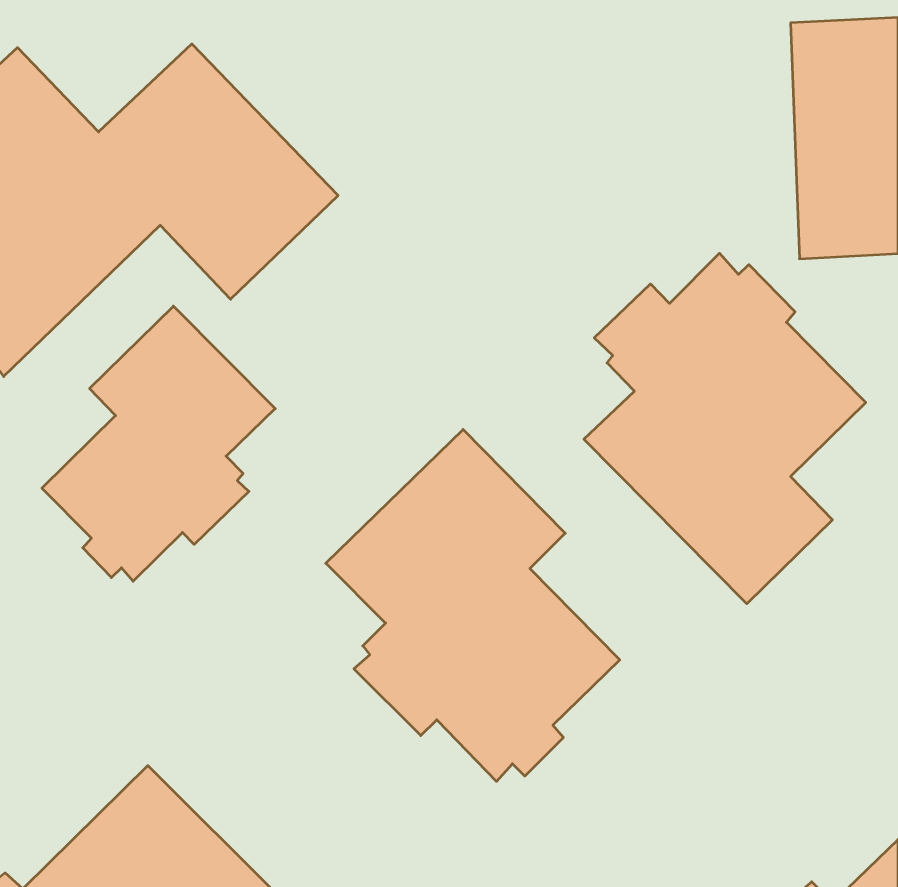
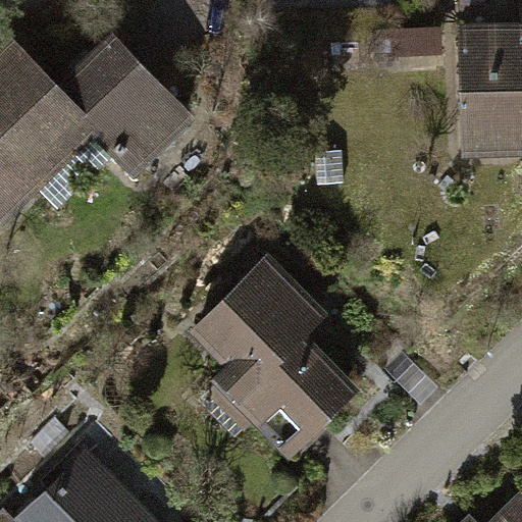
building: [584,253,866,604] -> none
building: [42,306,275,581] -> none

